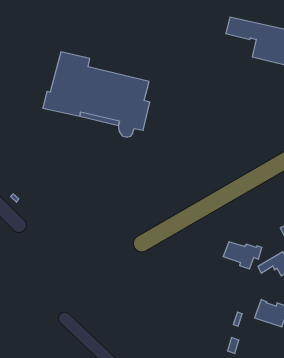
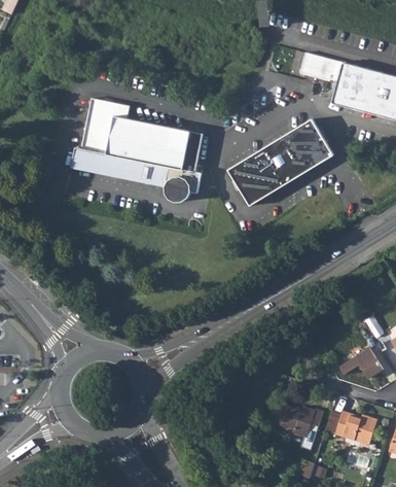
building: none -> [228,120,333,208]
building: [223,242,262,269] -> [274,399,322,433]

